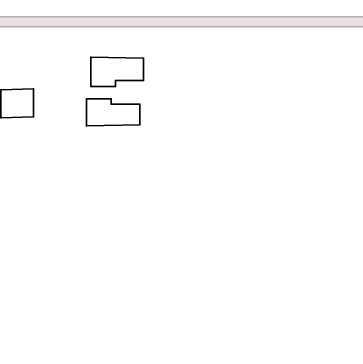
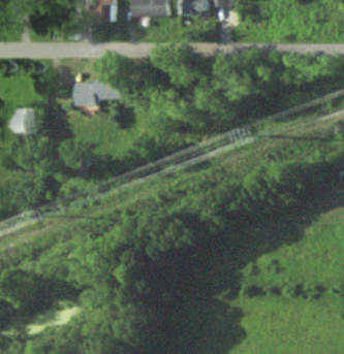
building: [86,99,140,126] -> none

